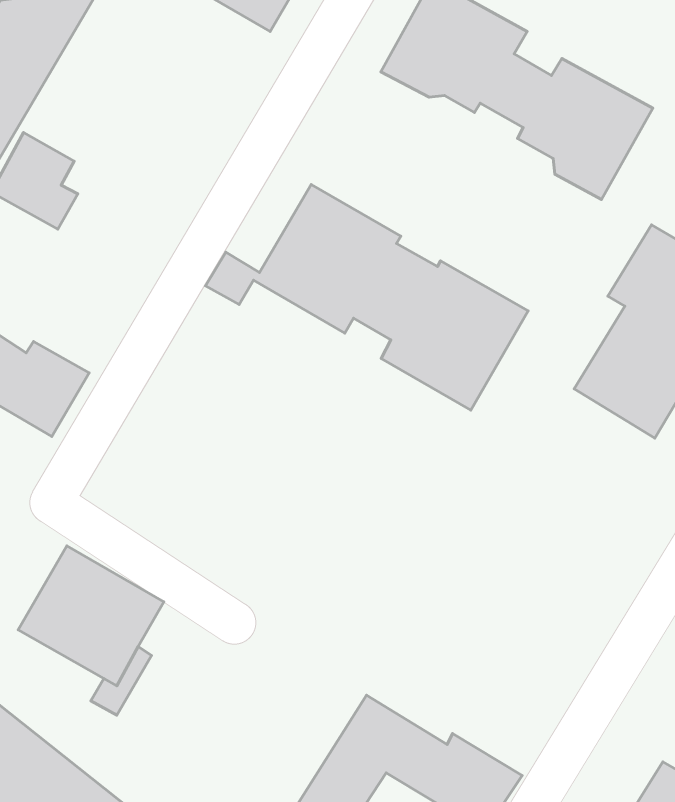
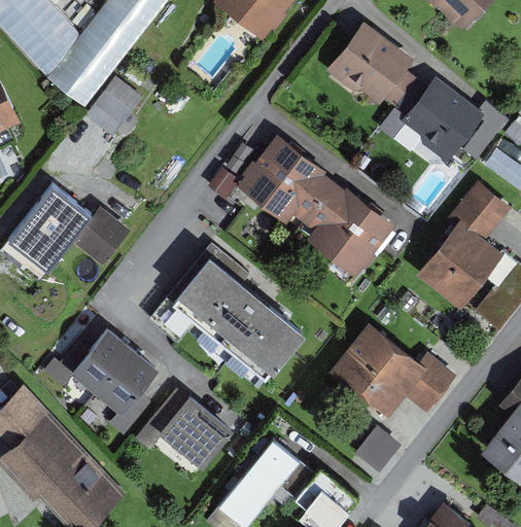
building: none -> [148,243,304,381]
building: none -> [329,323,458,420]
building: none -> [132,386,233,470]
building: none -> [349,424,394,470]

